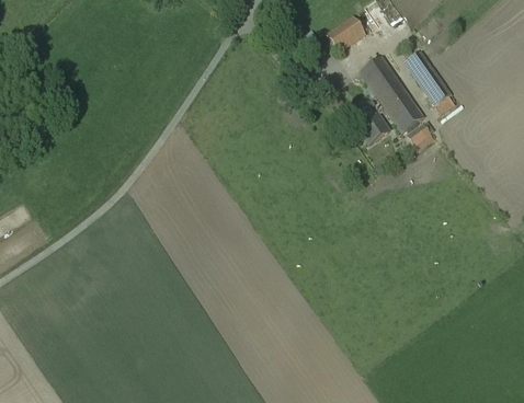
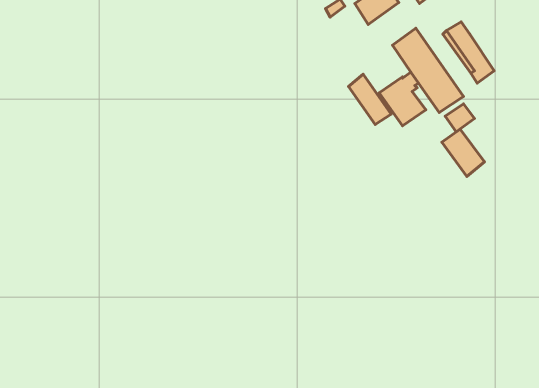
building: none -> [348,74,391,125]
building: none -> [442,129,485,176]

